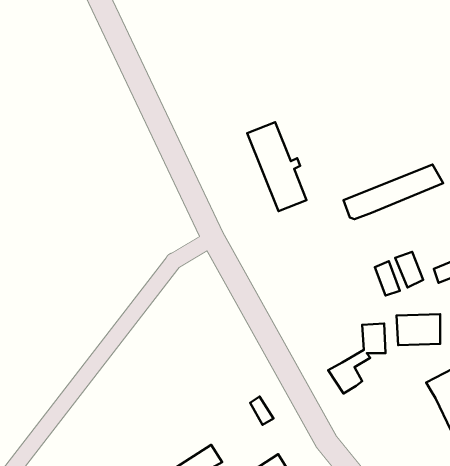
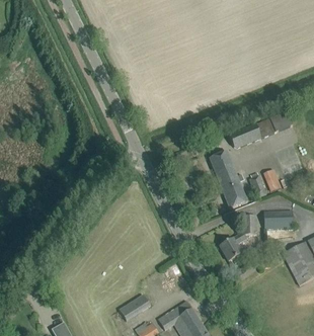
building: [247,122,306,211] -> [209,151,247,208]

